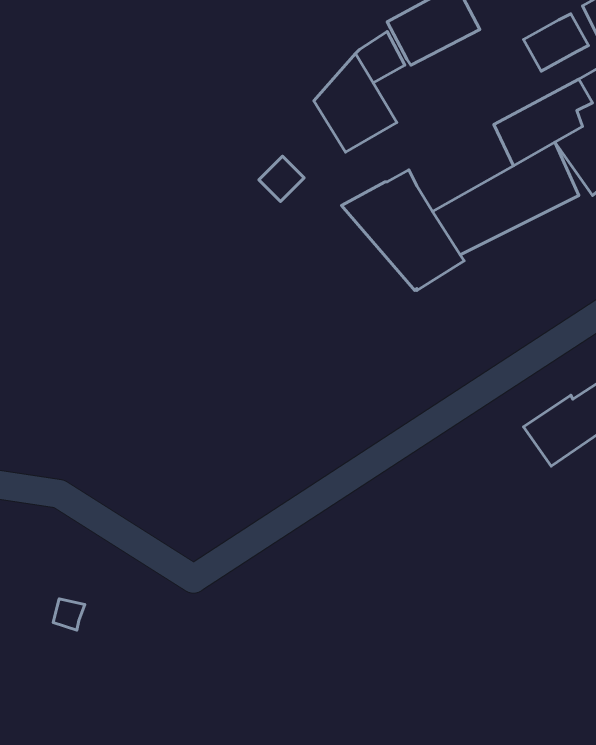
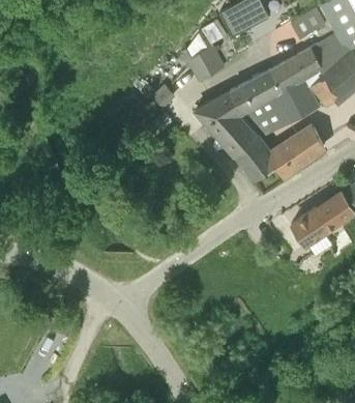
building: none -> [231,67,286,113]
building: none -> [235,128,324,179]

